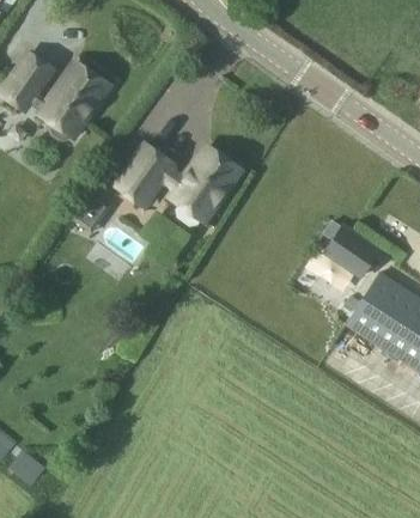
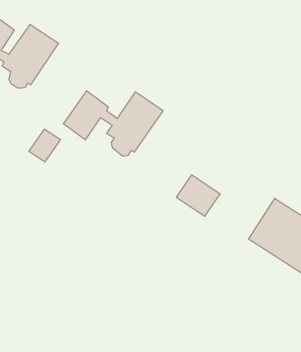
building: [324,225,379,276] -> [176,175,220,216]

